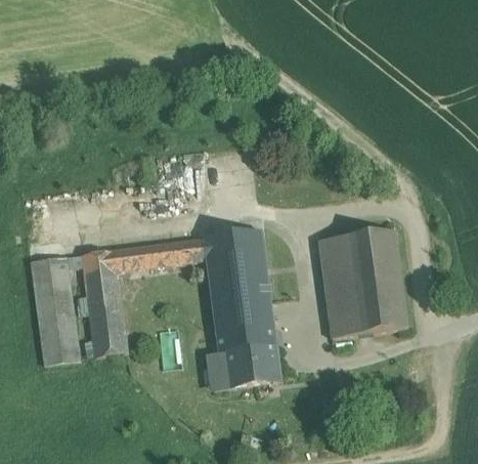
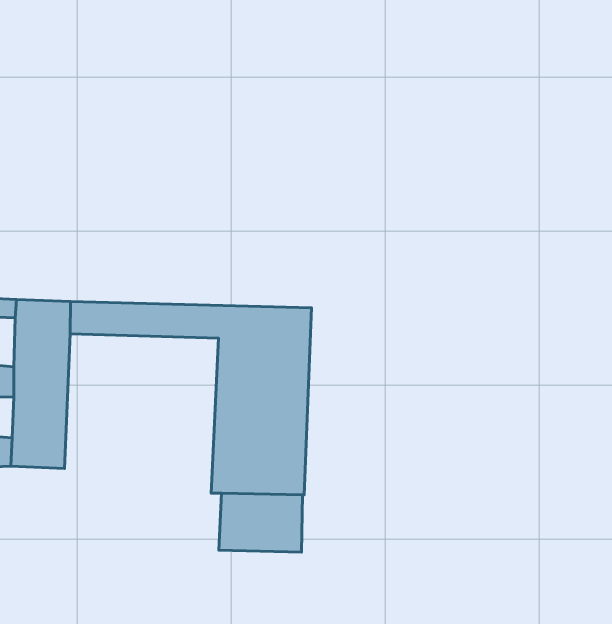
building: [318,228,407,336] -> none
building: [205,350,229,387] -> none

